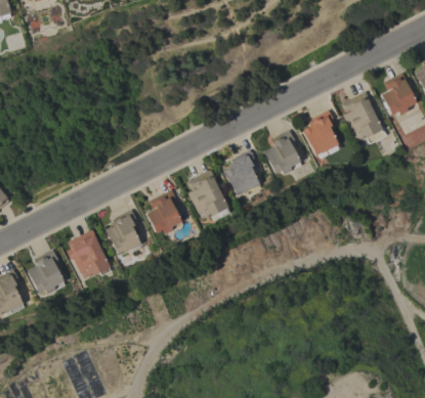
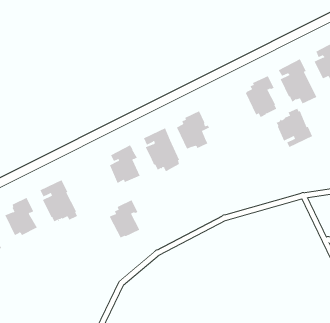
building: [263,130,301,174] -> none
building: none -> [276,108,313,148]
building: [104,210,140,255] -> [109,200,140,239]

